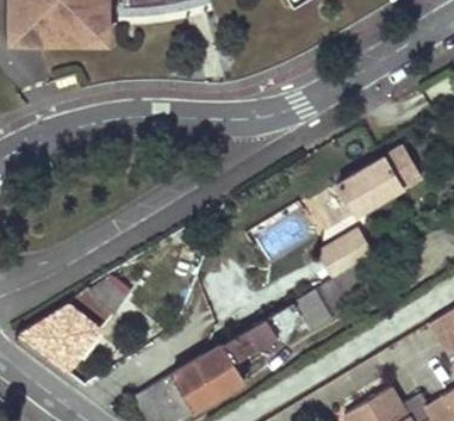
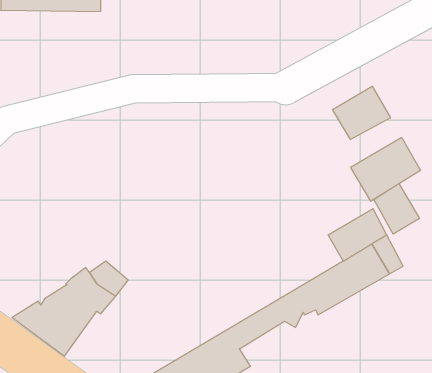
building: none -> [333,86,390,140]
building: none -> [374,184,419,234]

